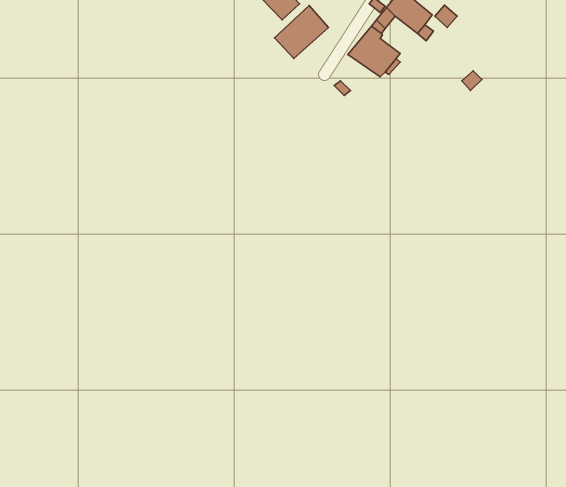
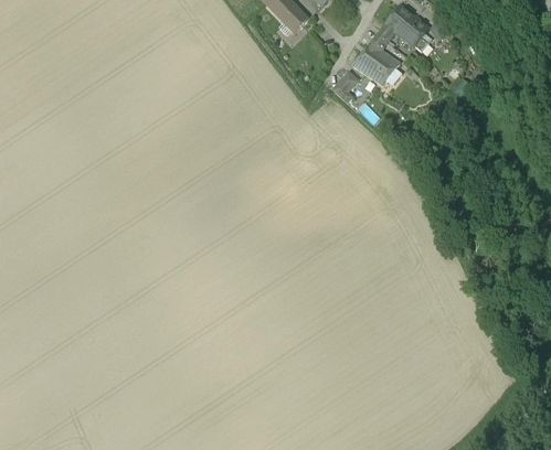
building: [275,6,328,59] -> none

